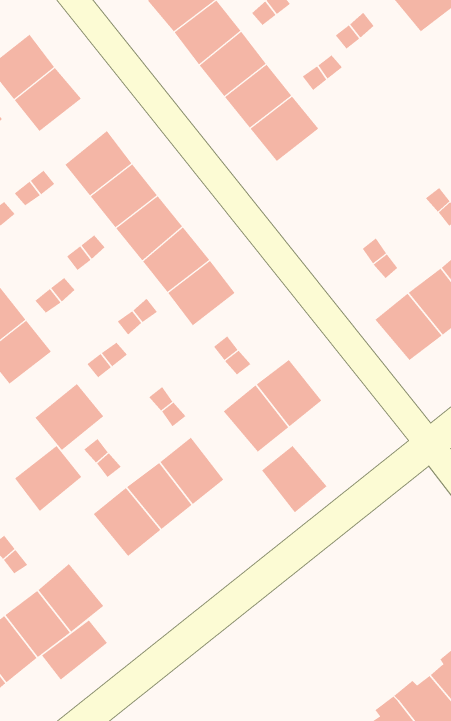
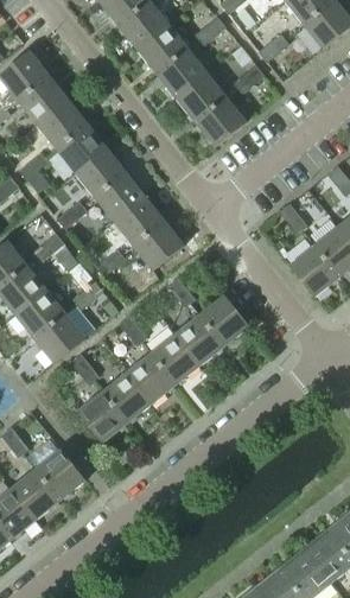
building: none -> [37,98,88,148]
building: [261,445,328,513] -> [151,333,201,384]
building: [14,445,82,512] -> [14,288,65,338]
building: [41,619,108,681] -> none

